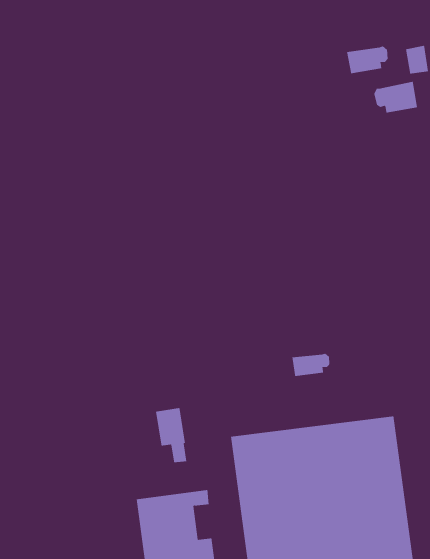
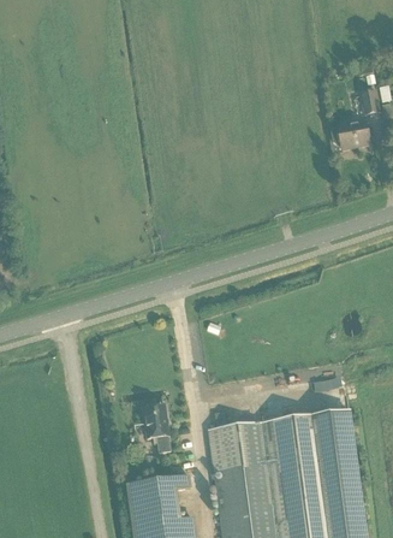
building: [347,46,388,74] -> none
building: [292,353,330,377] -> none

